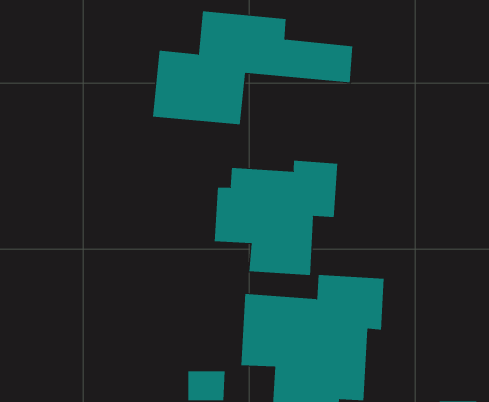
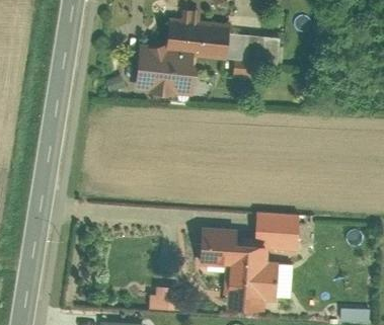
building: [214,160,338,276] -> none

